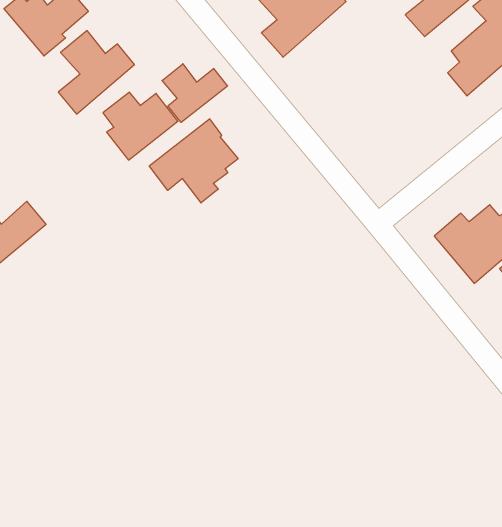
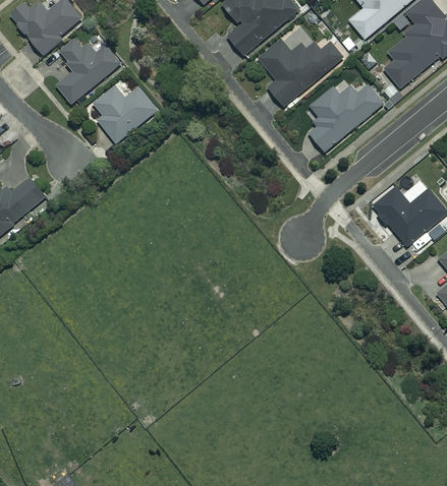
building: none -> [259,40,343,106]
building: [162,64,228,122] -> none
building: none -> [310,85,383,151]
building: [149,119,238,203] -> none

